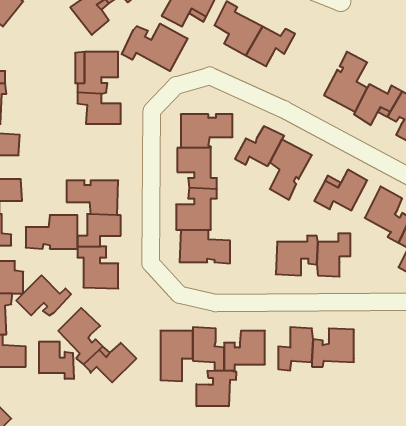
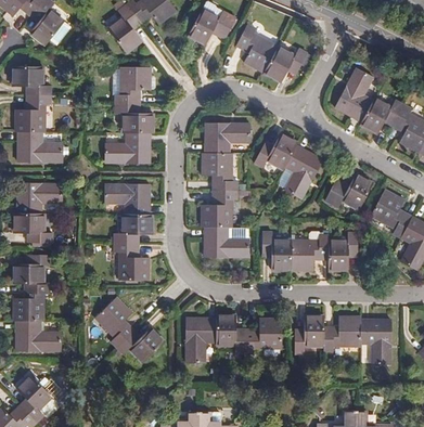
building: [122,24,188,71] -> none
building: [26,215,77,249] -> [102,131,149,161]
building: none -> [261,229,292,267]
building: [16,275,71,316] -> none
building: none -> [361,319,391,364]
building: [39,342,74,379] -> none
building: [196,370,236,406] -> none

